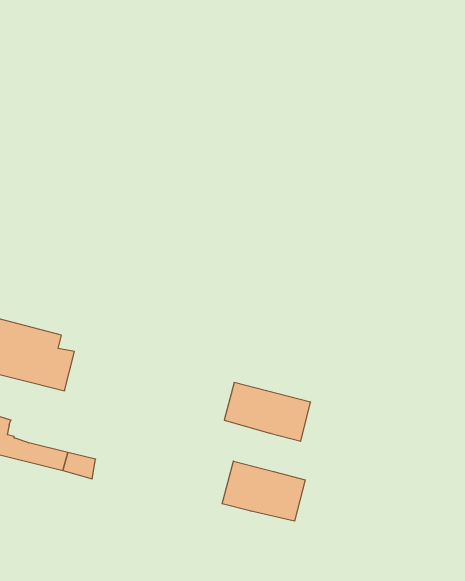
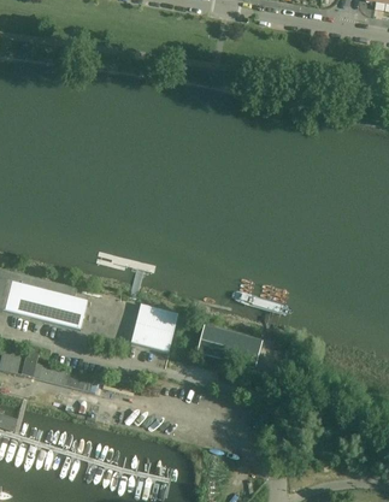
building: none -> [130,303,177,352]
building: [222,461,305,521] -> none

